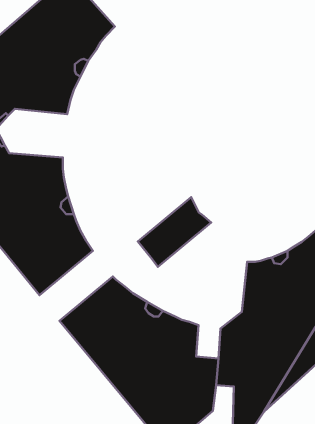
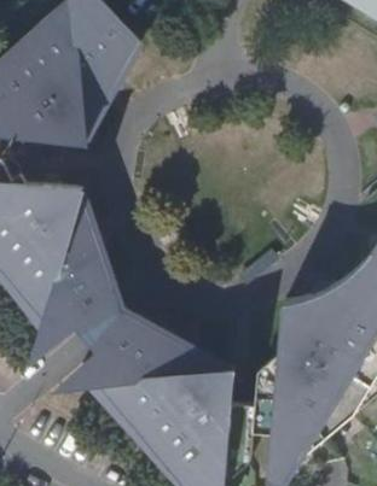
building: [138,197,211,267] -> [57,289,137,365]

